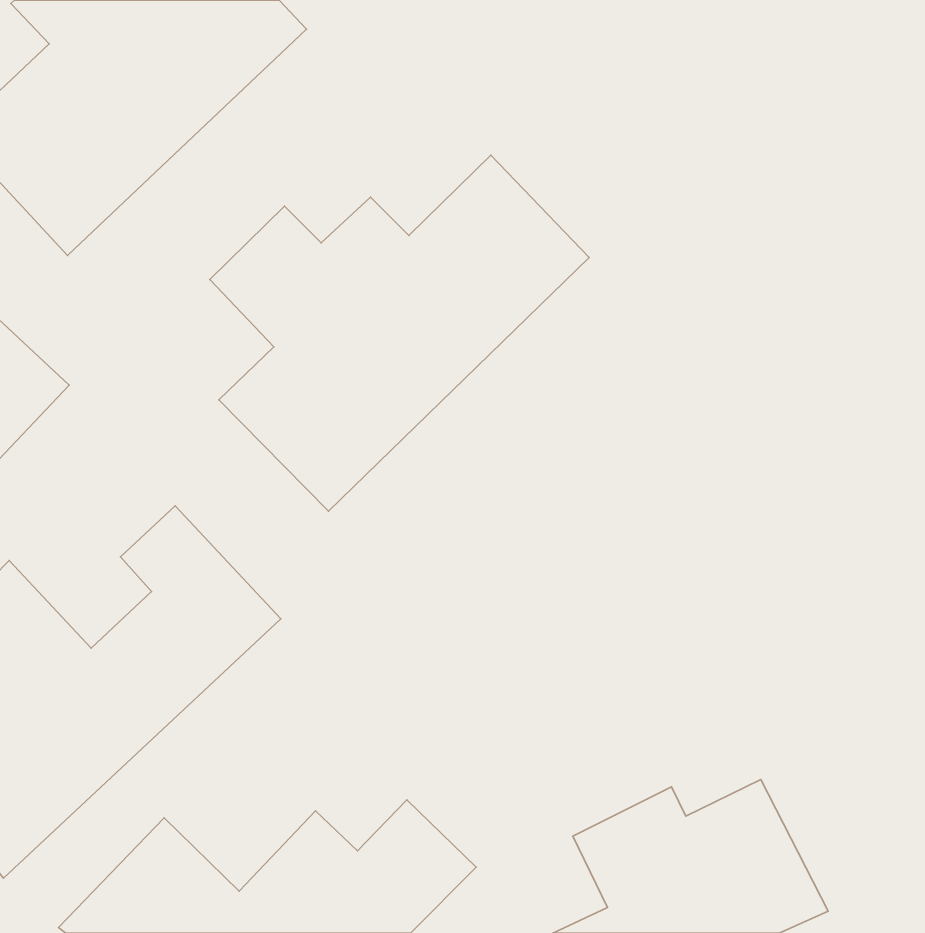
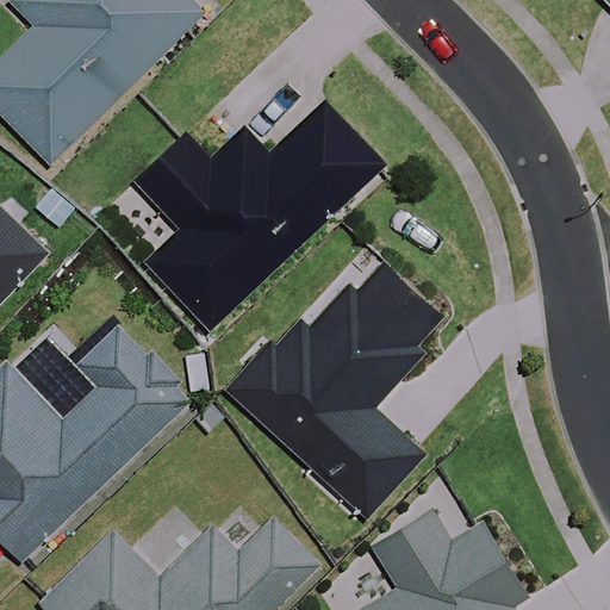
building: none -> [226,262,441,517]

